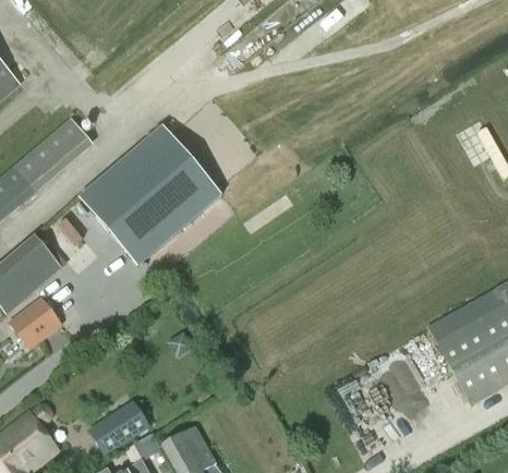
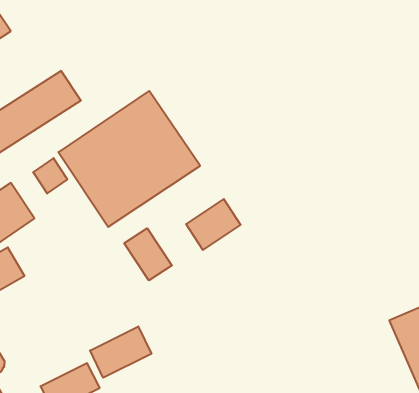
building: none -> [186,199,241,250]
building: none -> [124,228,172,280]
building: none -> [90,326,151,378]

